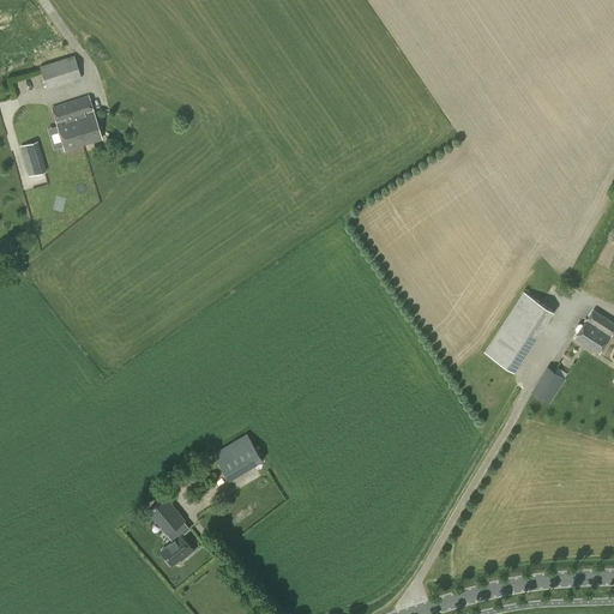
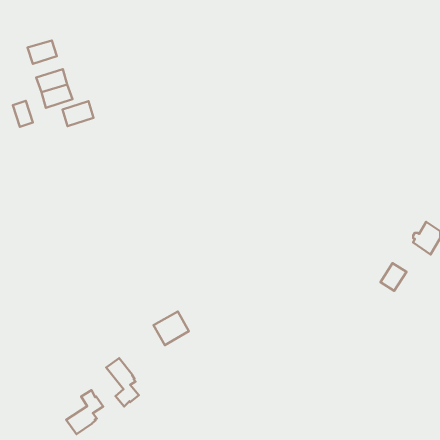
building: none -> [62,101,94,126]
building: [484,291,554,372] -> none
building: none -> [66,390,103,434]

